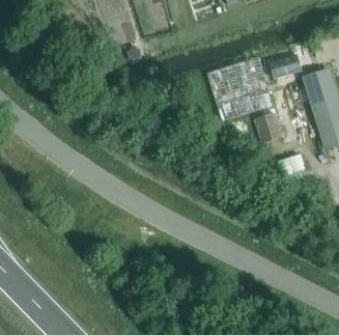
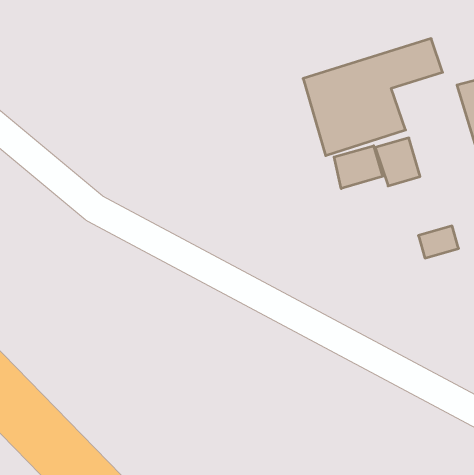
building: none -> [334,146,383,189]

